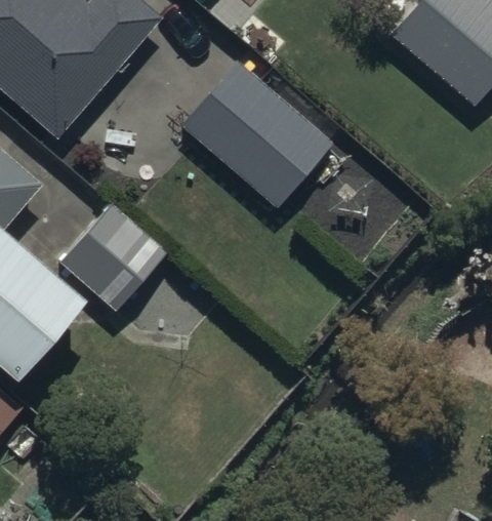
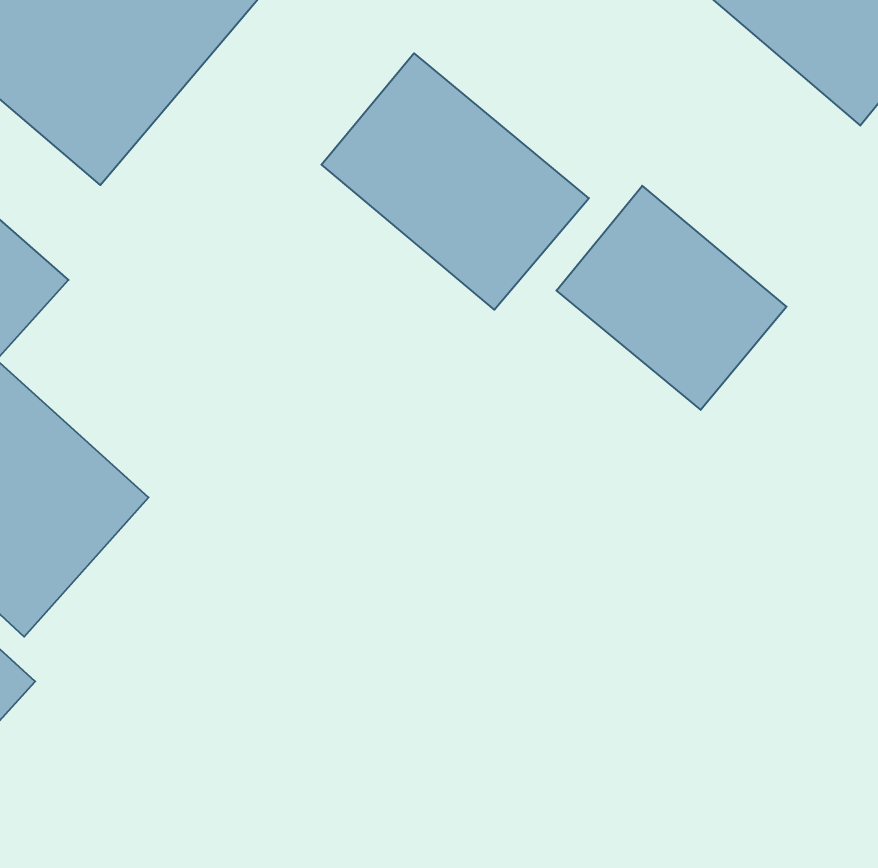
building: none -> [556,186,787,410]
building: [57,202,167,313] -> none

